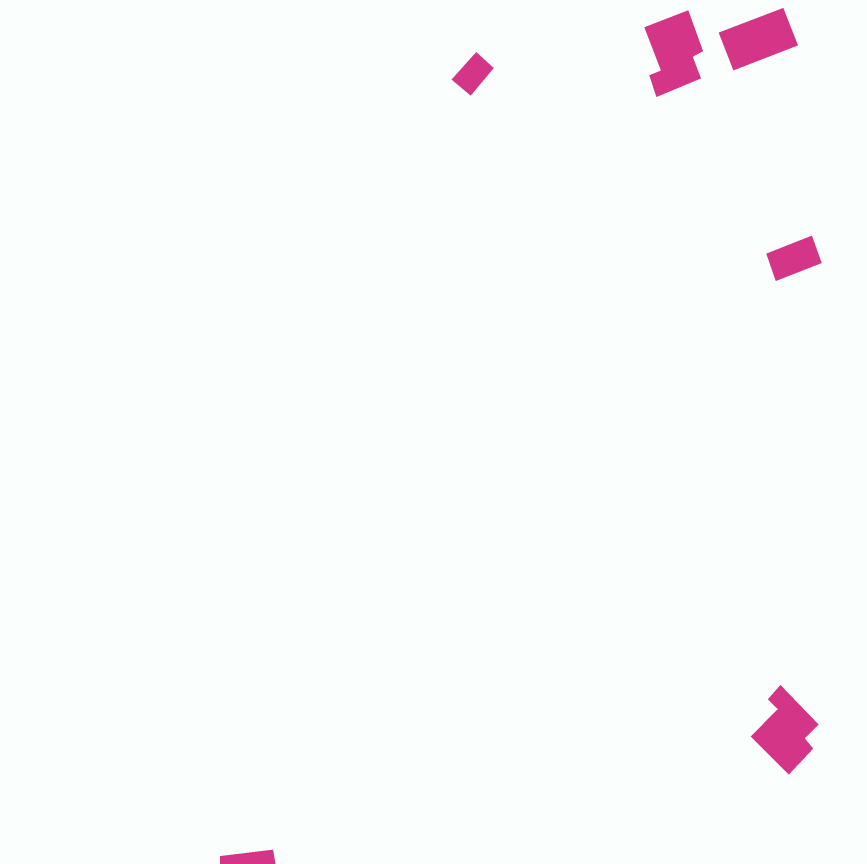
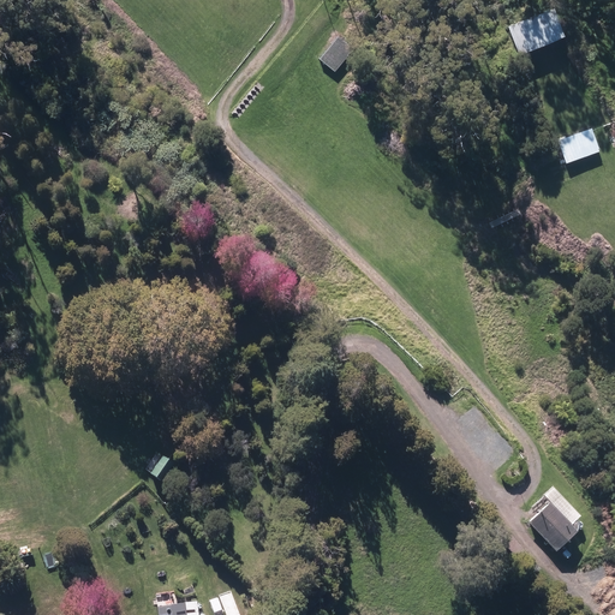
building: [643,9,704,98] -> none
building: [765,235,823,282] -> [557,130,598,163]

